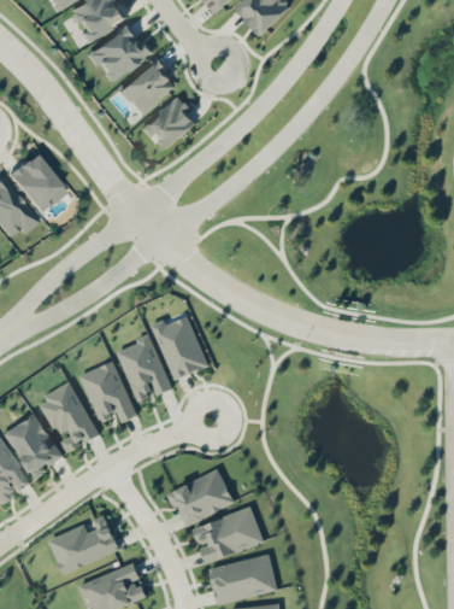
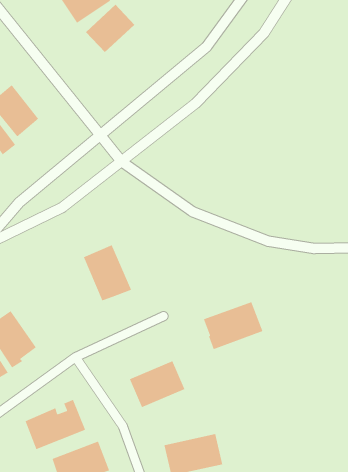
building: [142,99,196,151] -> none
building: [151,316,208,380] -> none
building: [81,362,135,422] -> none
building: [39,383,99,452] -> none
building: [194,508,264,564] -> [203,301,263,350]

